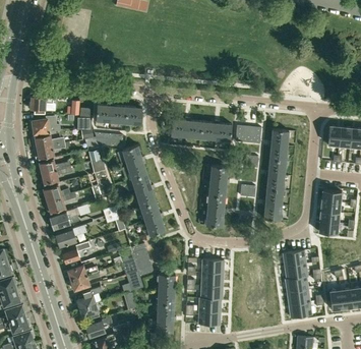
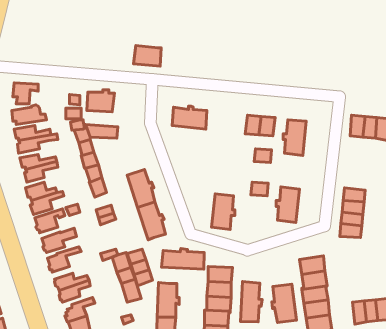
building: [118,107,142,125] -> [133,45,161,66]
building: [200,121,232,141] -> none
building: [122,146,146,179] -> none
building: [265,160,286,191] -> none
building: [208,166,229,197] -> none
building: none -> [162,249,204,269]
building: none -> [241,281,262,322]
building: none -> [272,284,297,322]

